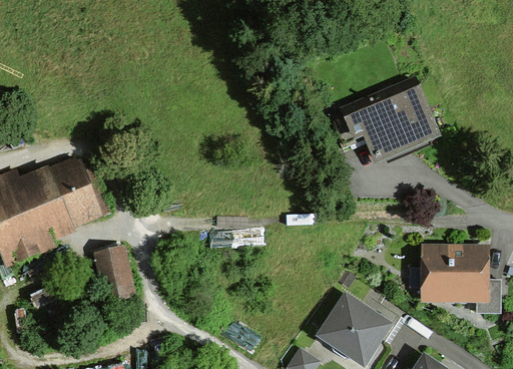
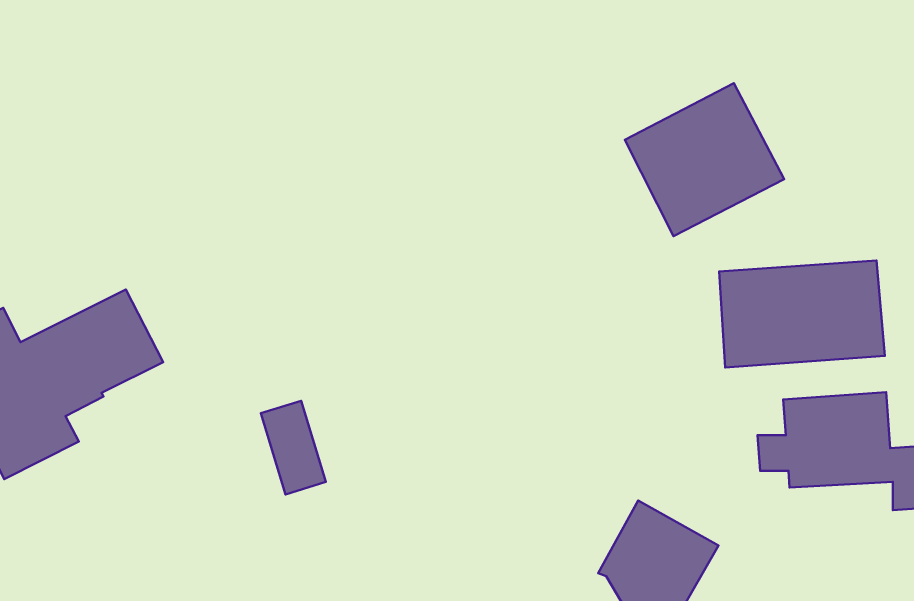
building: none -> [719,261,885,368]
building: [97,249,129,298] -> [261,401,326,494]

